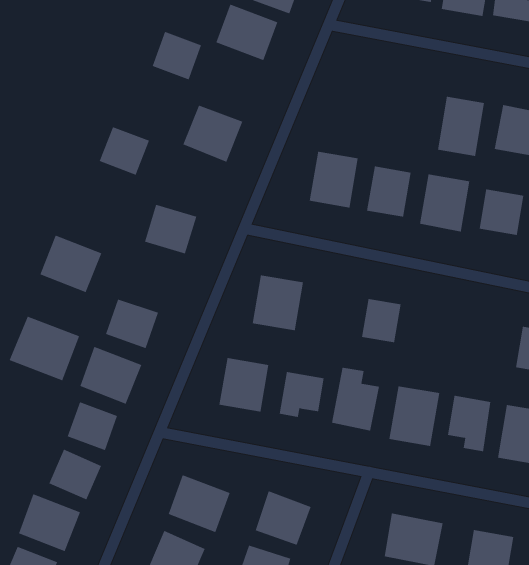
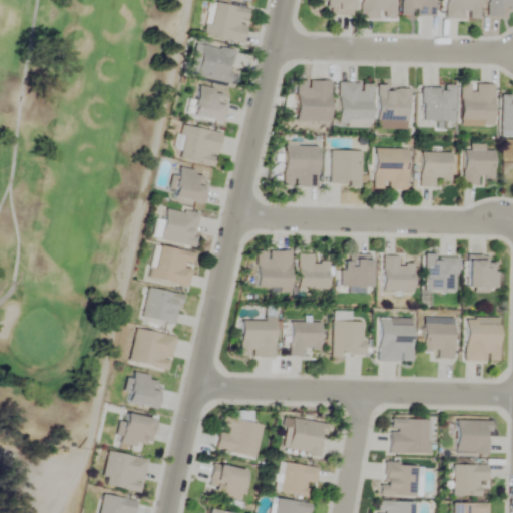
building: [152,31,202,80] -> [195,87,231,122]
building: none -> [300,81,333,121]
building: none -> [341,83,375,124]
building: [99,126,150,175] -> [175,169,212,204]
building: [39,235,102,293] -> [152,245,198,287]
building: none -> [300,253,331,290]
building: none -> [386,255,416,292]
building: [9,316,80,381] -> none
building: none -> [427,255,460,291]

